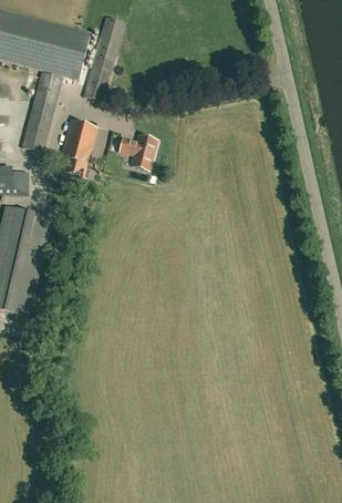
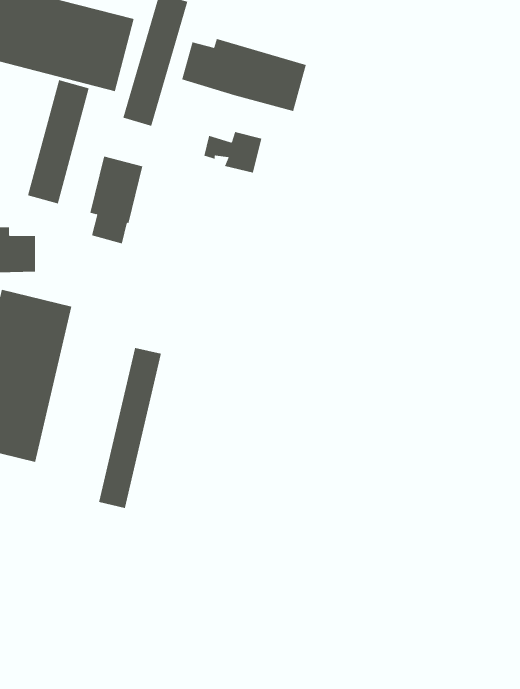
building: none -> [182,38,307,112]
building: [120,134,157,161] -> [203,132,262,173]
building: none -> [99,347,162,509]

